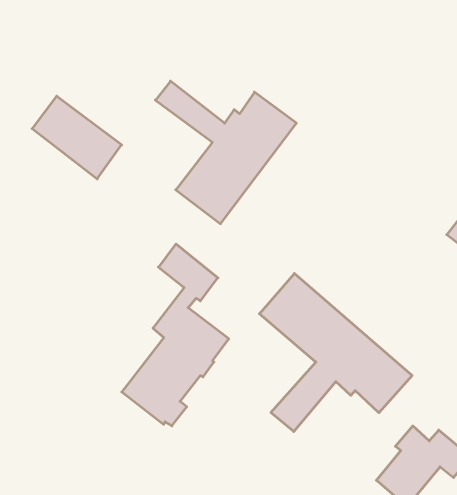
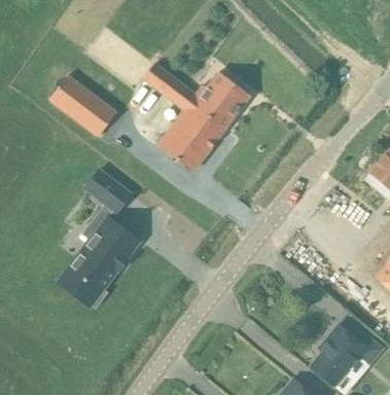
building: [122,244,229,426] -> [58,169,139,307]
building: [259,273,412,432] -> none

